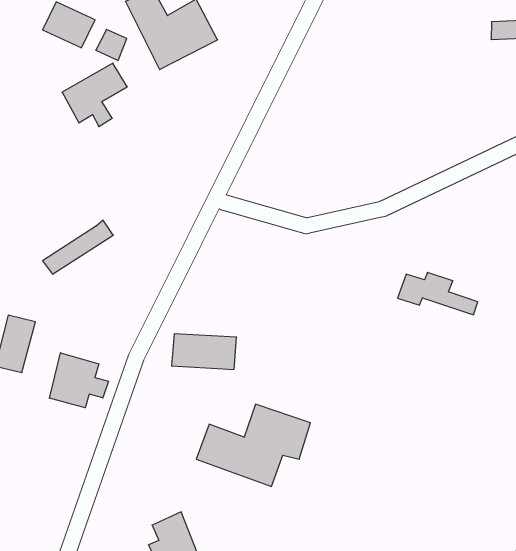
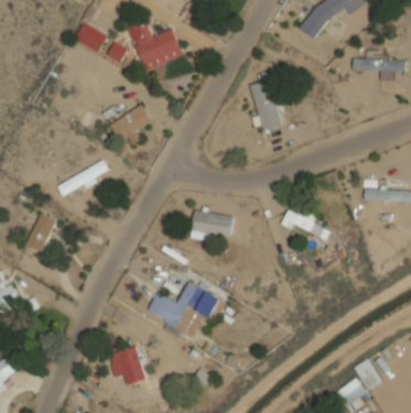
building: [62,63,127,127] -> [110,107,151,145]
building: none -> [250,79,281,131]
building: [172,334,237,369] -> [191,210,232,236]
building: [49,353,108,408] -> none

